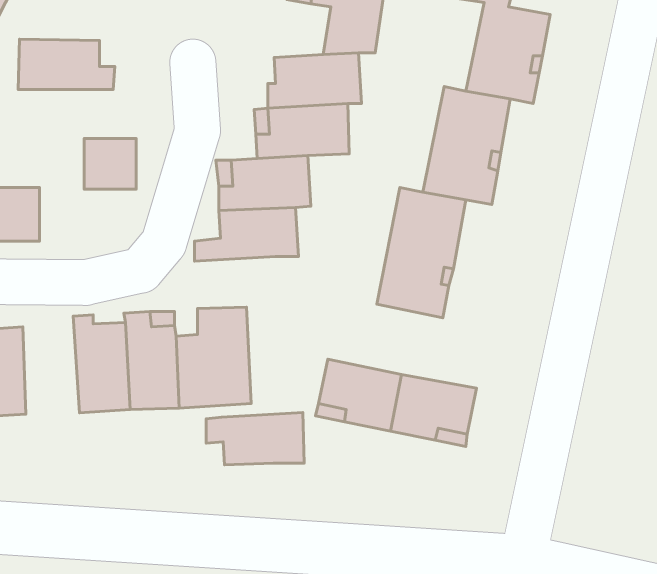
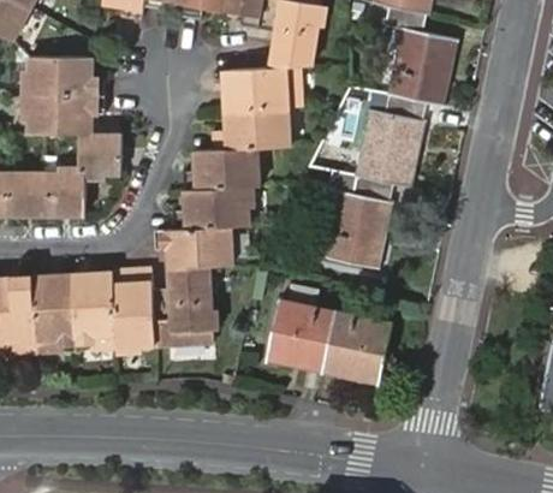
building: none -> [32,95,108,133]
building: none -> [49,172,89,215]
building: none -> [36,273,81,350]
building: [206,413,304,465] -> [159,226,236,267]

